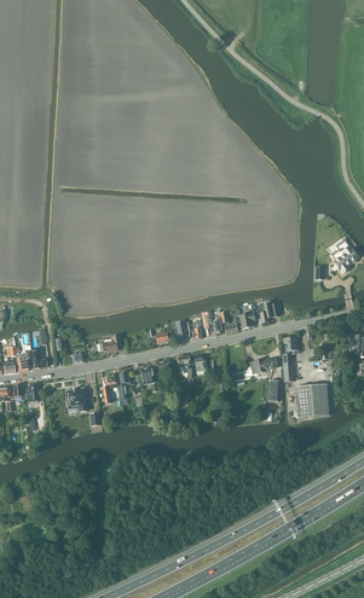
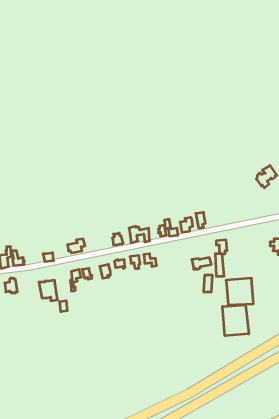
building: none -> [223,305,249,336]

